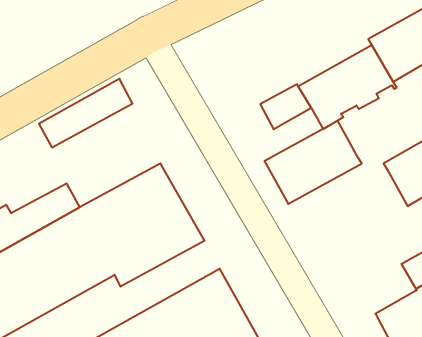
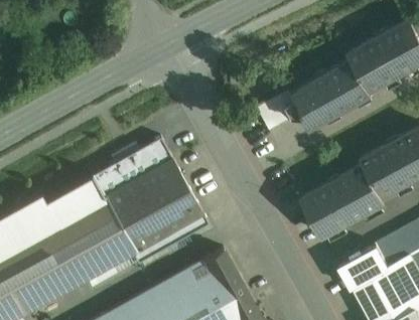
building: [39,79,133,147] -> [93,139,172,197]
building: [264,121,362,204] -> [302,165,385,235]
building: none -> [339,246,390,289]

